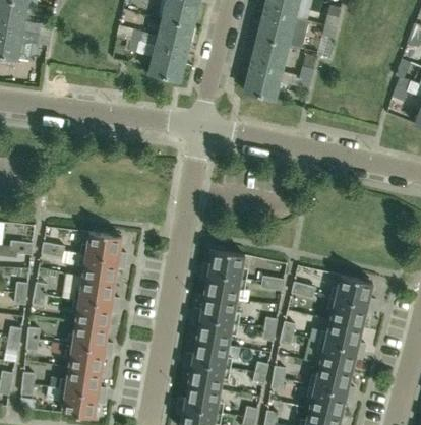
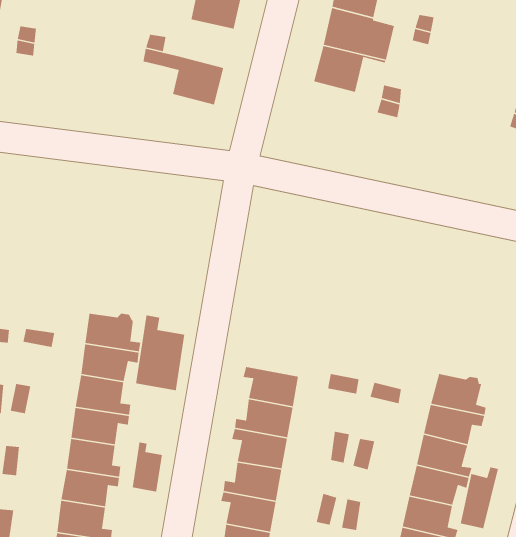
building: [157,19,194,54] -> none
building: [244,64,282,100] -> none
building: none -> [135,314,185,391]
building: [202,246,245,277] -> none
building: none -> [132,442,163,492]
building: none -> [460,466,499,529]

